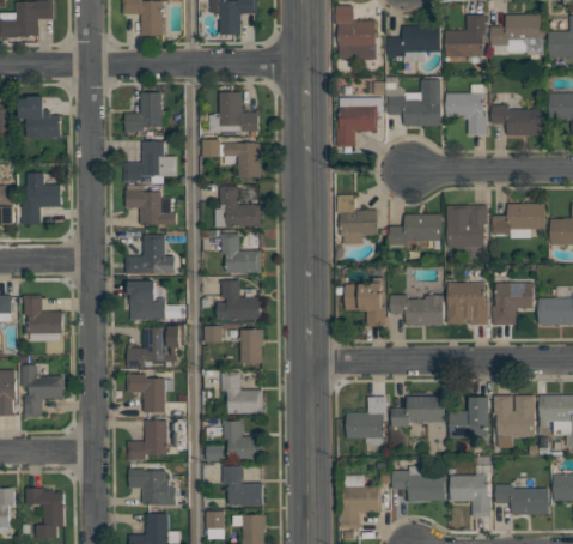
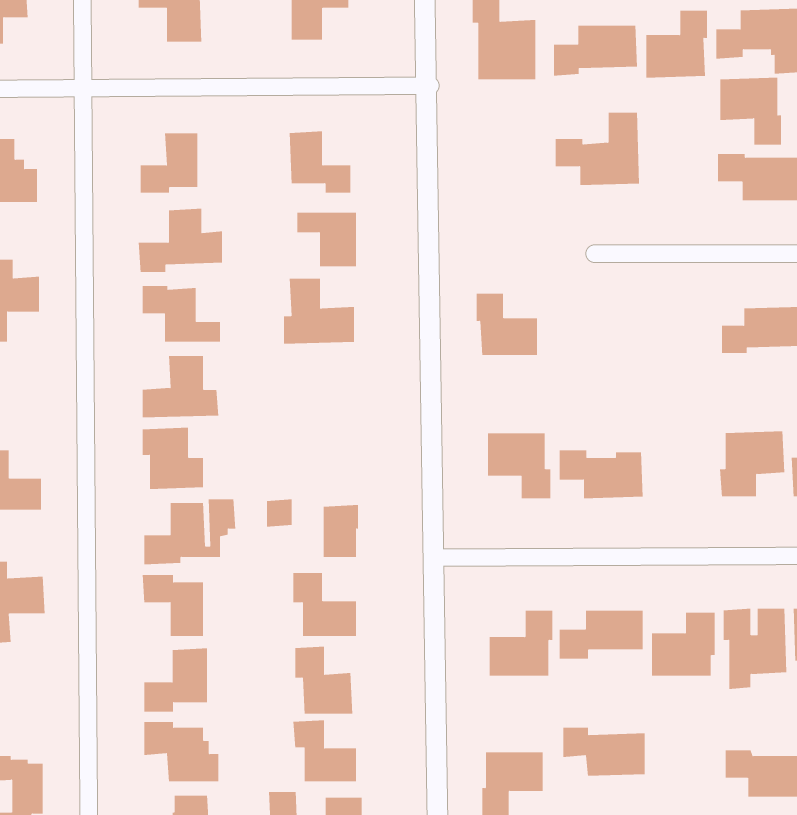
building: [446,92,486,135] -> [720,77,782,145]
building: [336,105,377,146] -> none
building: [446,206,487,247] -> none
building: [389,214,441,246] -> none
building: [220,234,261,274] -> none
building: [217,280,261,320] -> none
building: [447,283,488,326] -> none
building: [450,476,490,516] -> none

